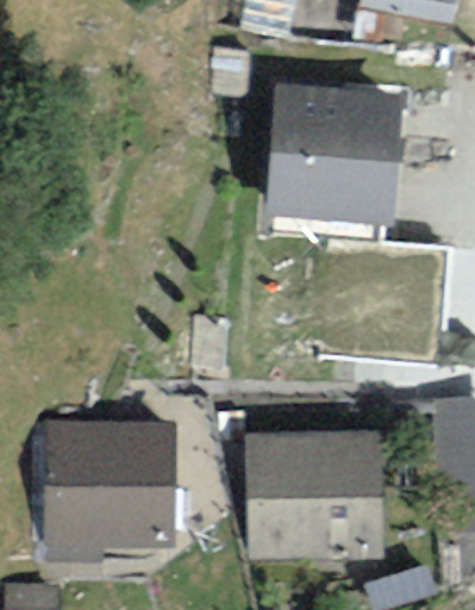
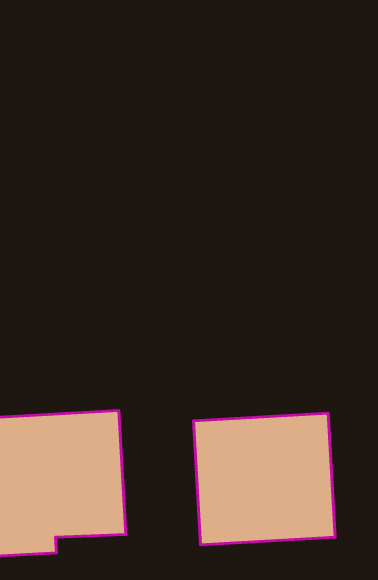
building: [265,81,402,225] -> none

